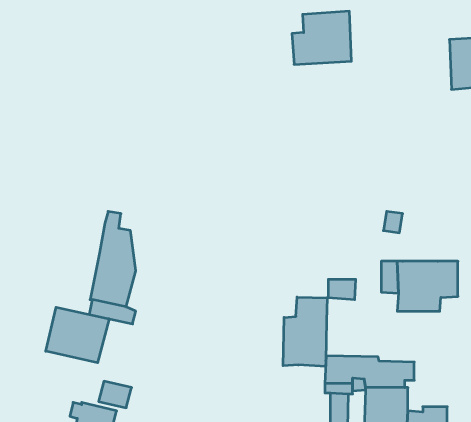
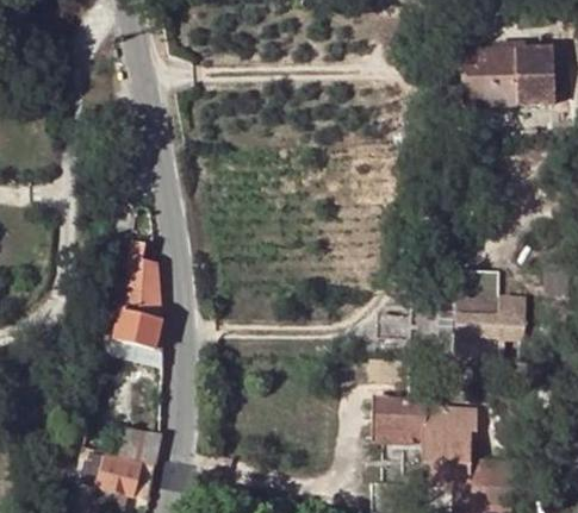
building: [292,11,351,64] -> [452,45,518,105]
building: none -> [464,267,503,294]
building: [283,297,327,367] -> none
building: [46,307,109,363] -> none

